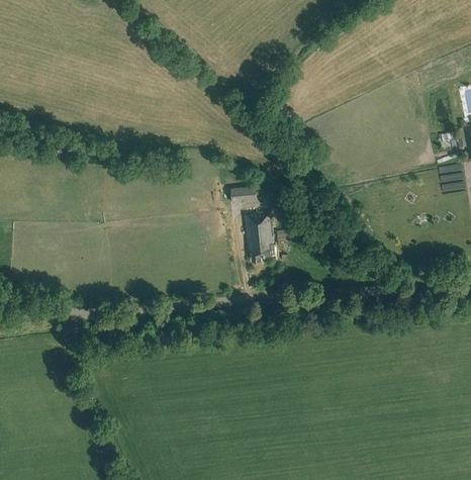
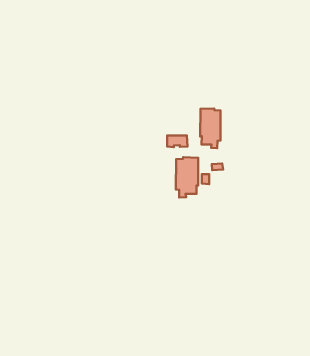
building: none -> [200,108,221,148]

